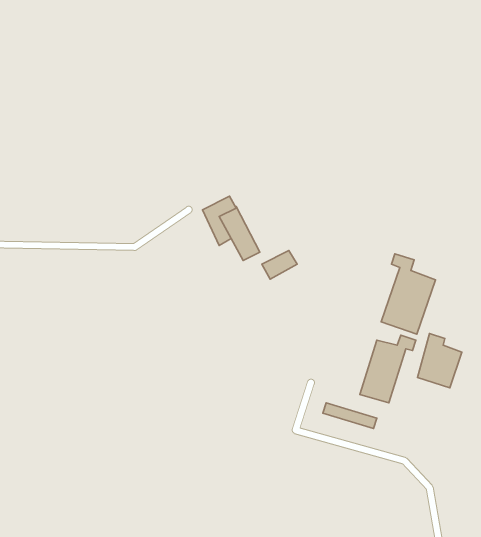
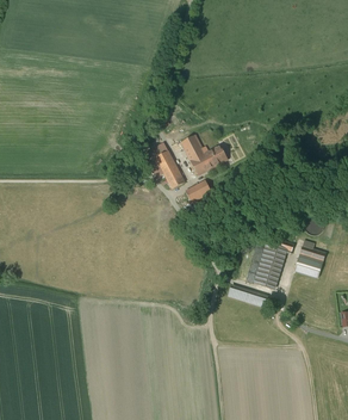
building: none -> [181,136,226,175]
building: [381,254,435,334] -> none

